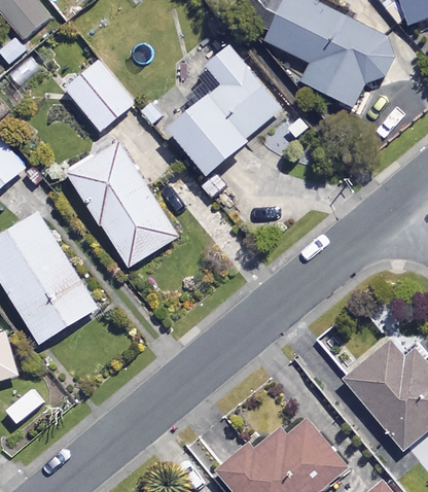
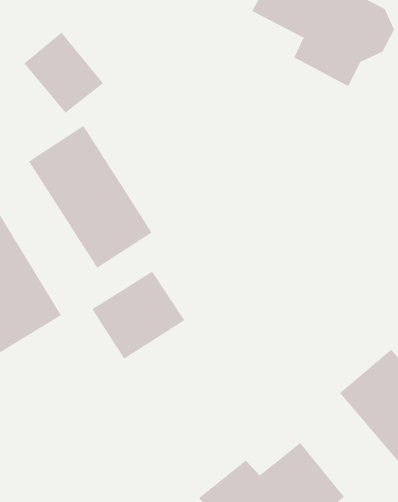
building: [171,46,281,177] -> none
building: none -> [92,271,185,360]

